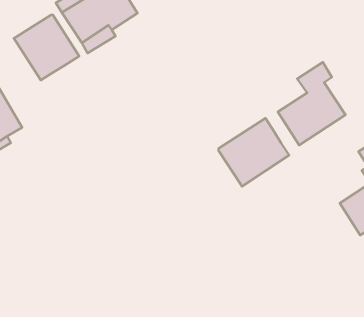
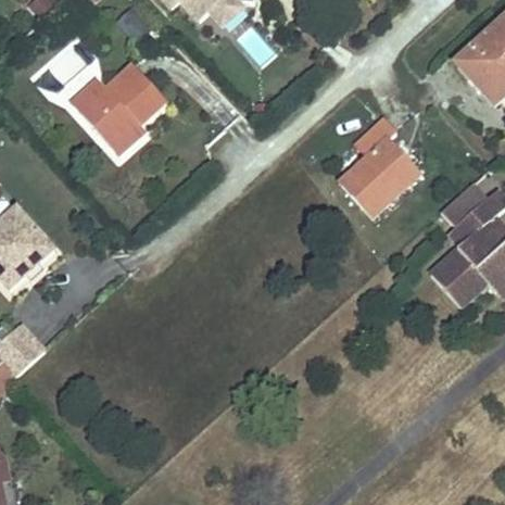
building: [14,15,79,80] -> none
building: [219,118,289,186] -> none

